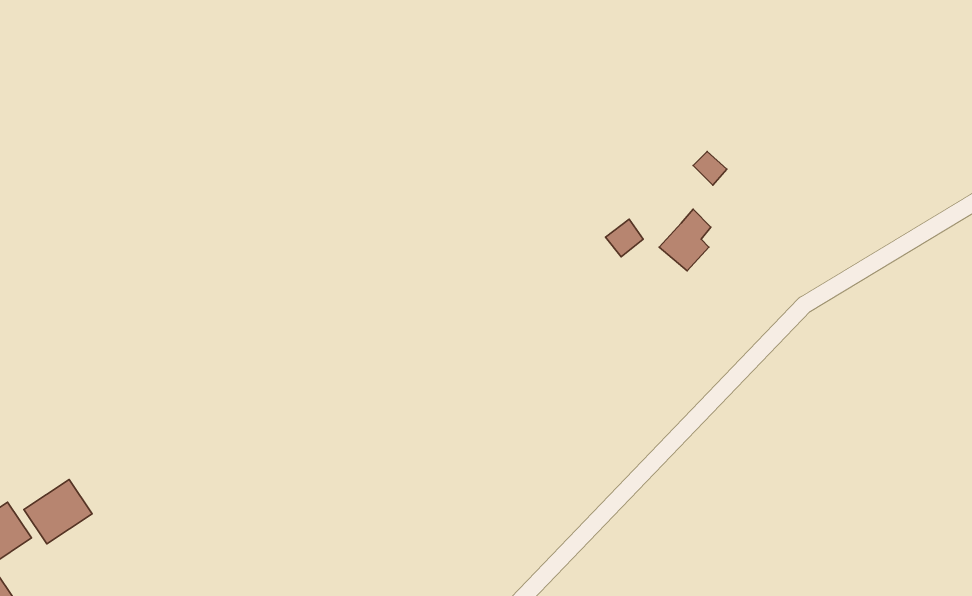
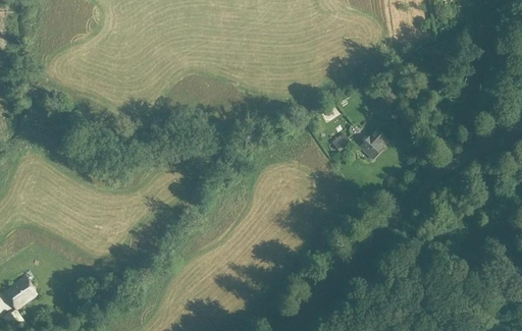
building: [24,479,92,544] -> none

